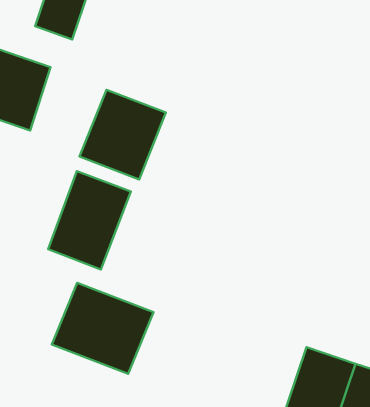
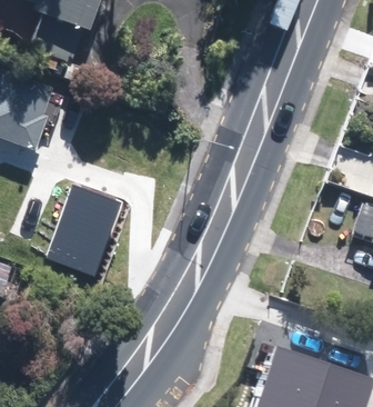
building: [80,90,166,179] -> none
building: [52,283,153,374] -> none

